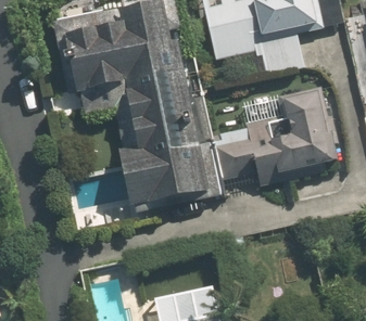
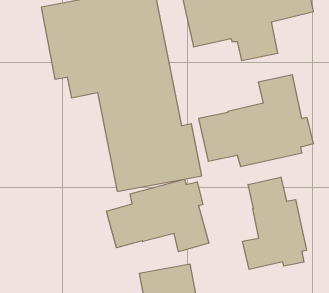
building: none -> [243,177,307,269]
building: none -> [107,179,209,252]

